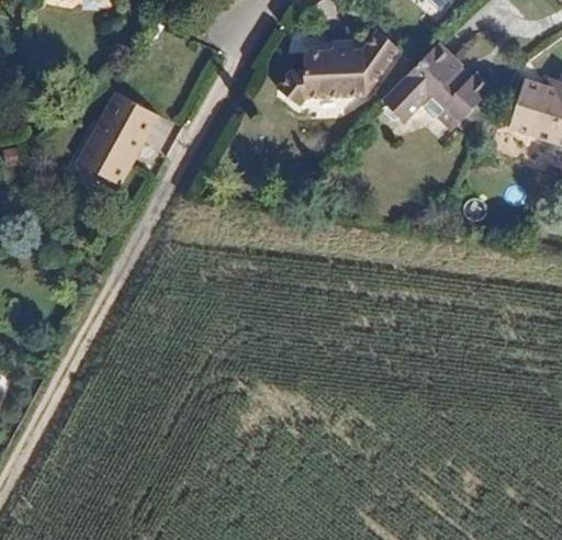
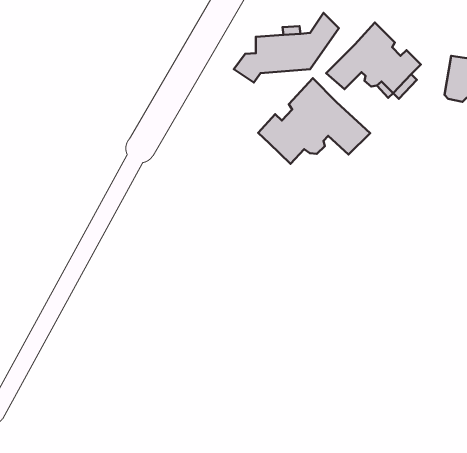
building: [76,94,156,187] -> none
building: none -> [258,78,370,164]

